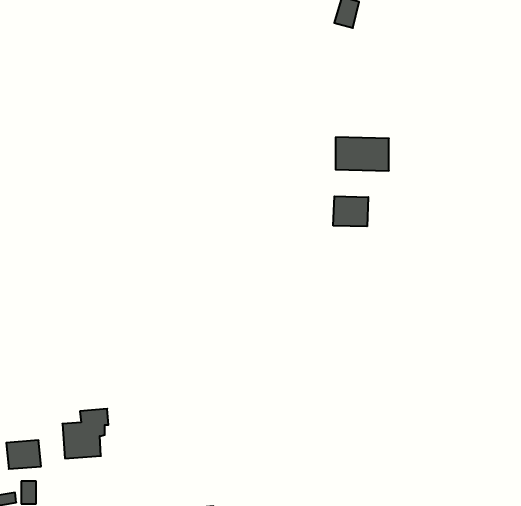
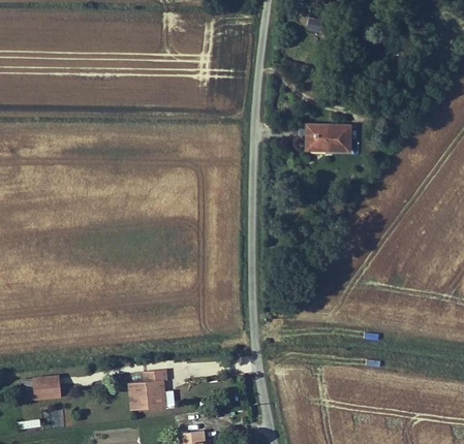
building: [333,196,368,226] -> none
building: [62,409,108,458] -> [129,369,167,410]

